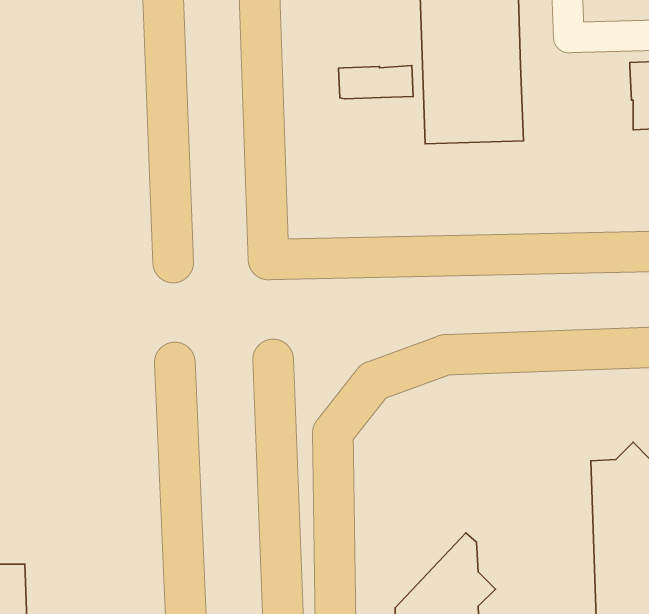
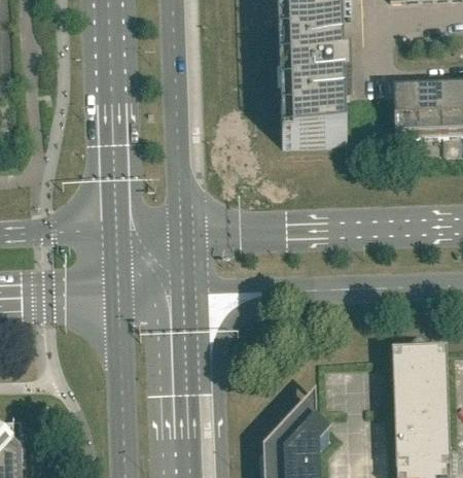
building: none -> [394,84,420,129]
building: [339,65,413,99] -> none

